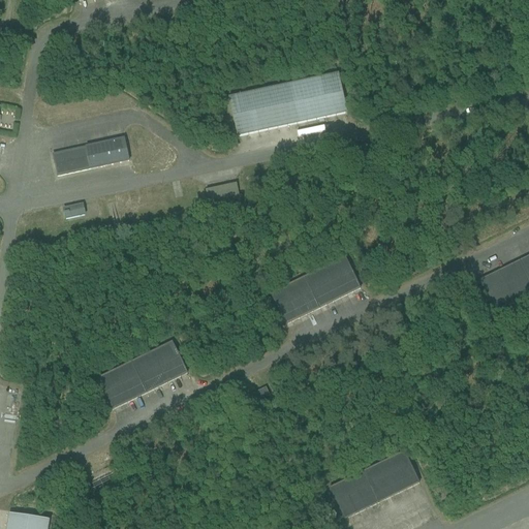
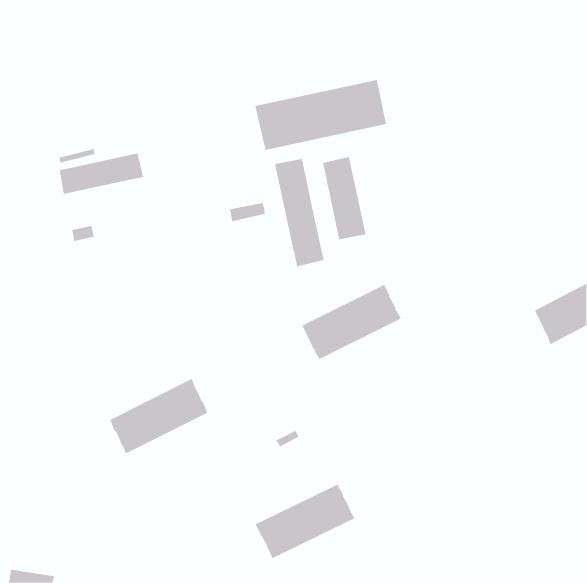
building: none -> [322,156,366,240]
building: none -> [274,158,324,267]
building: [330,450,419,518] -> [255,484,355,559]

